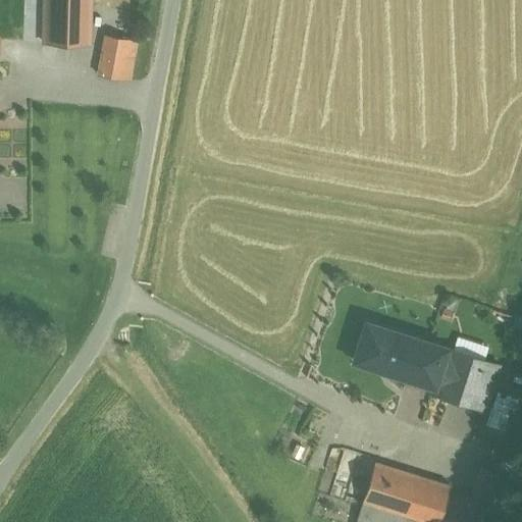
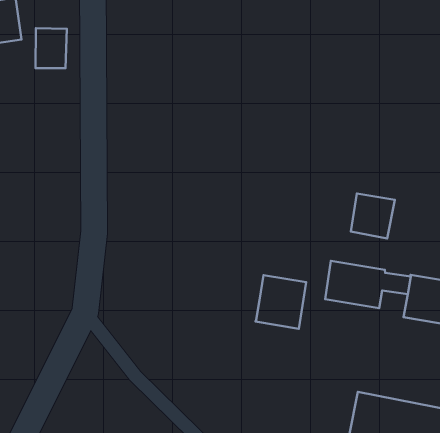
building: none -> [351,193,395,239]
building: none -> [255,275,306,329]

